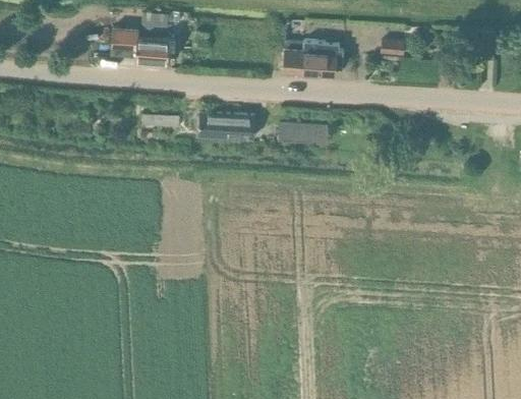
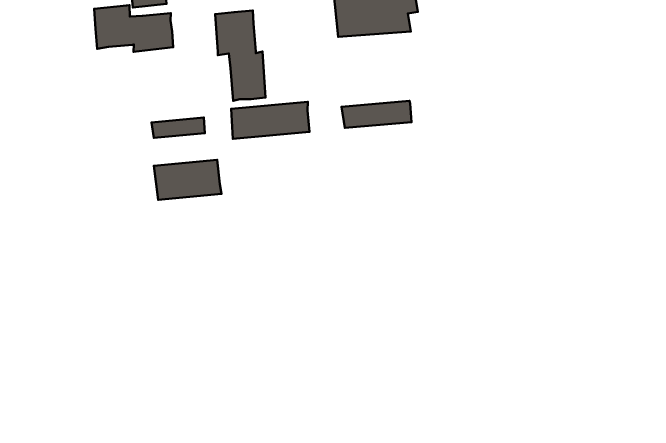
building: none -> [215,11,266,101]
building: none -> [154,160,221,200]

